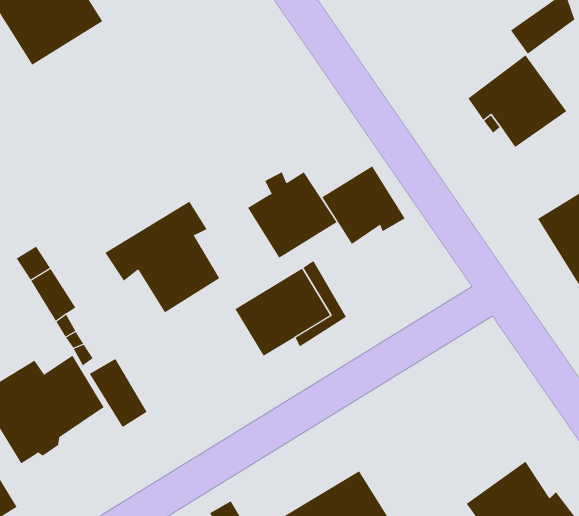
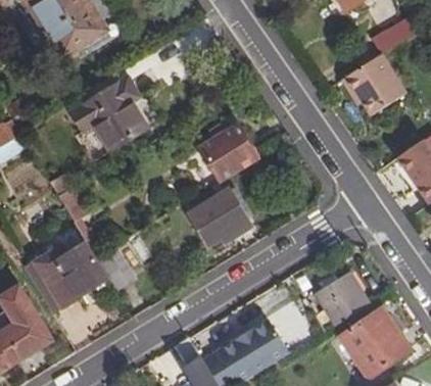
building: [322,165,405,245] -> none
building: [104,201,220,313] -> [71,78,146,150]
building: none -> [318,273,368,324]

